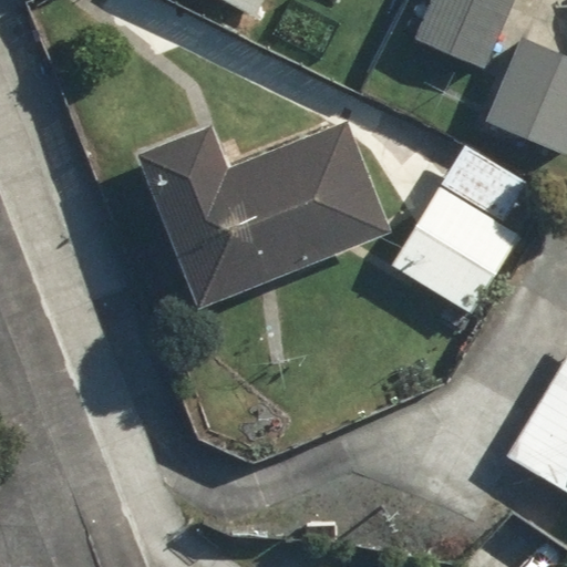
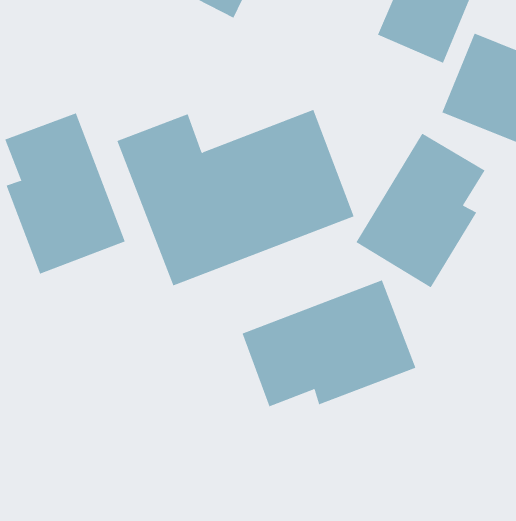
building: none -> [5,113,126,274]
building: none -> [242,279,416,407]

